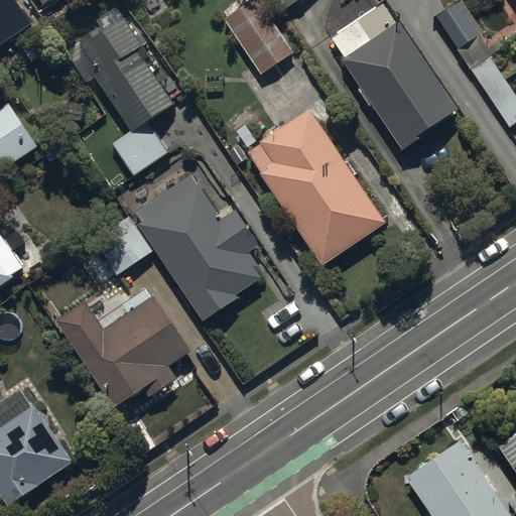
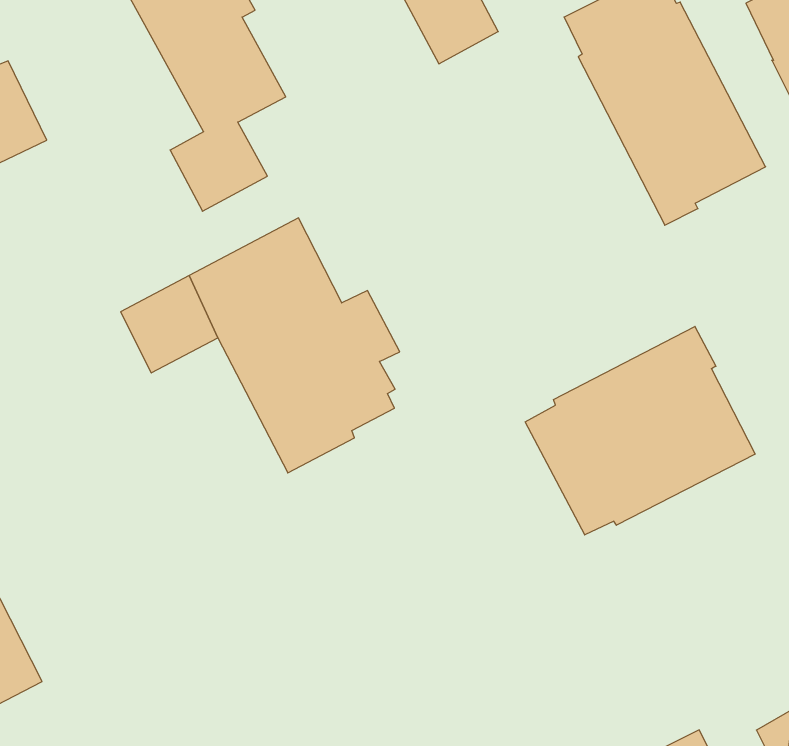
building: [247,110,384,265] -> none
building: none -> [525,326,755,535]
building: [57,287,190,406] -> none

